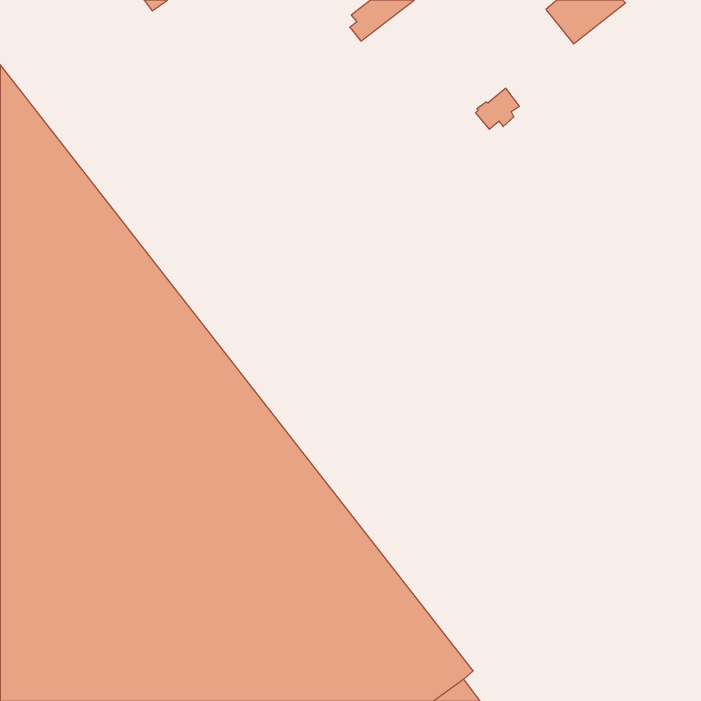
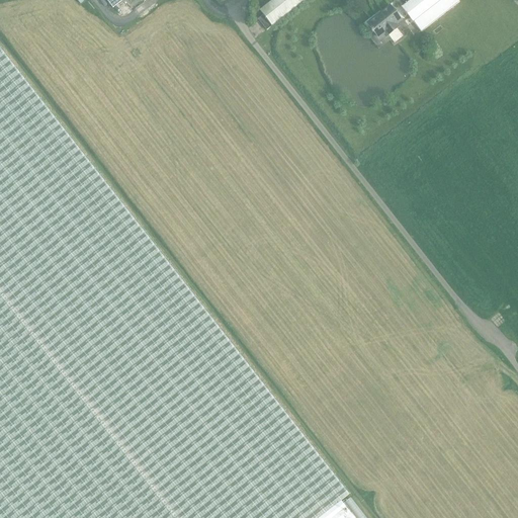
building: [476,88,519,129] -> [367,7,400,37]

